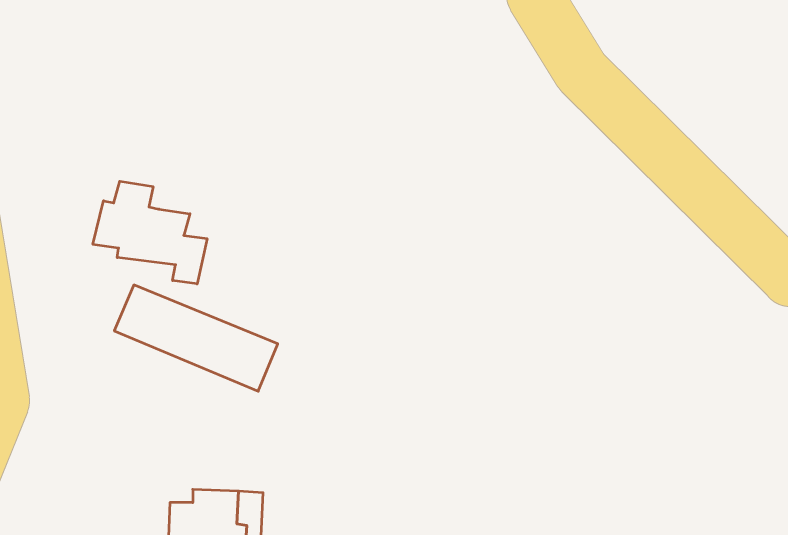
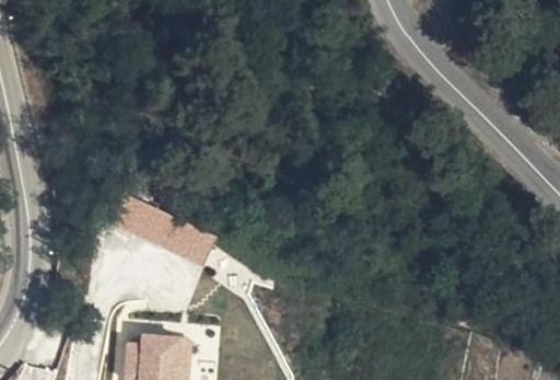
building: [93,181,207,284] -> none

